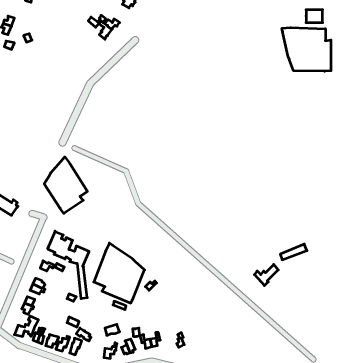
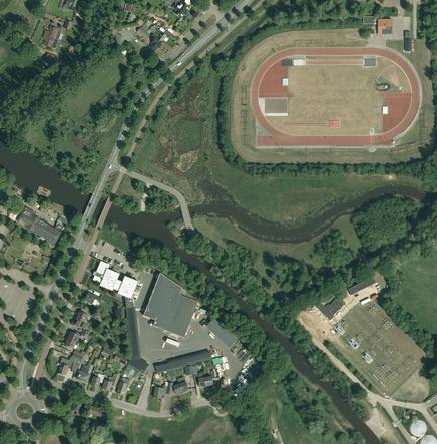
building: [282,28,331,71] -> none
building: [44,157,87,213] -> none

